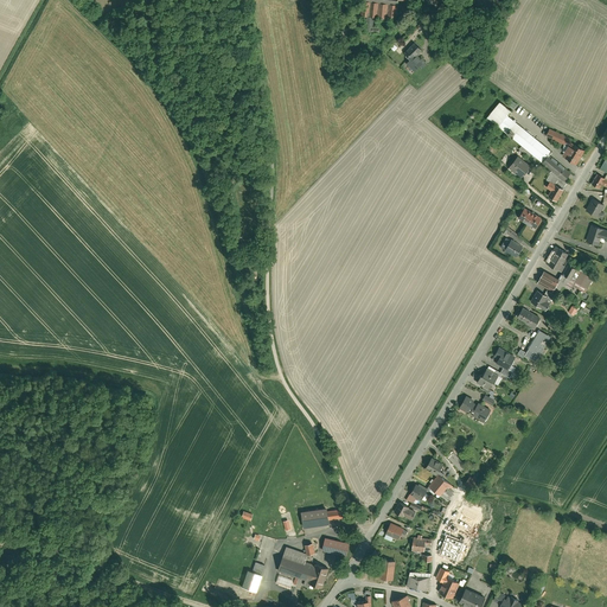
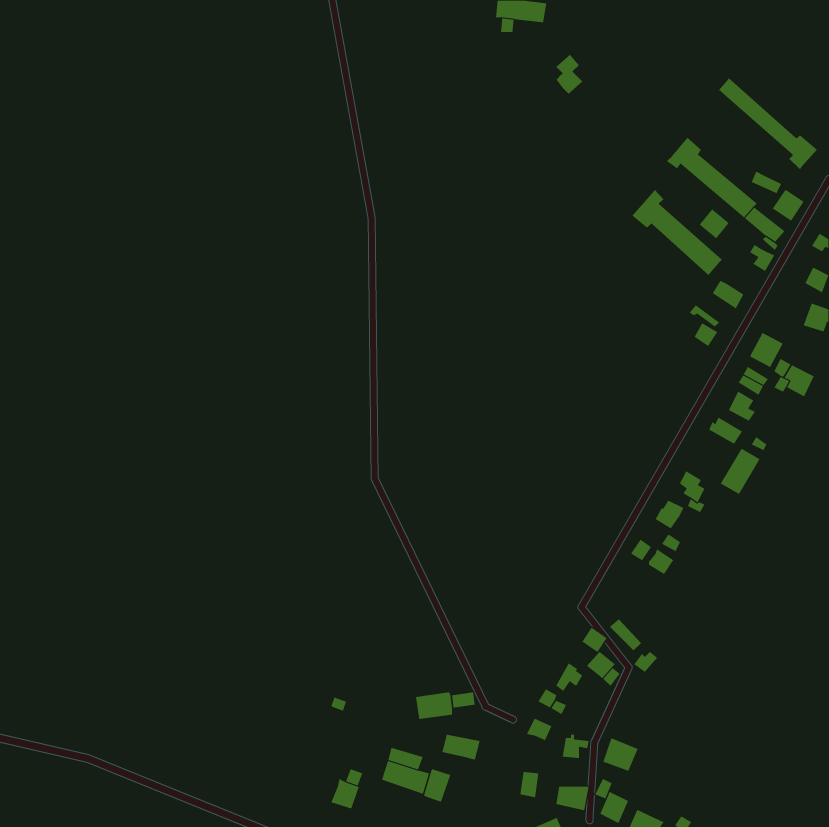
building: none -> [718,77,818,170]
building: none -> [632,189,722,276]

